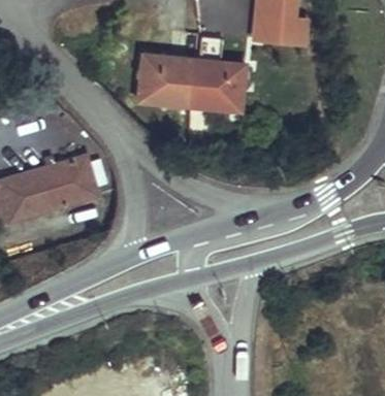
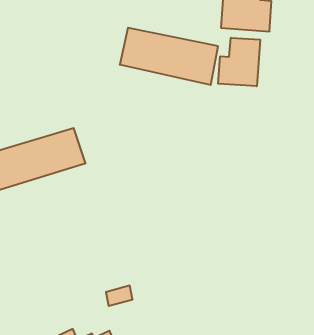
building: none -> [218,38,260,86]

